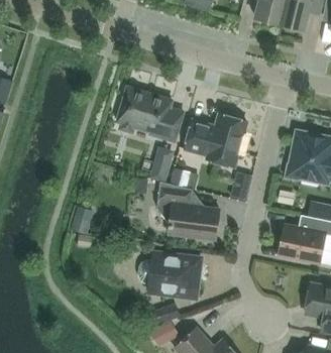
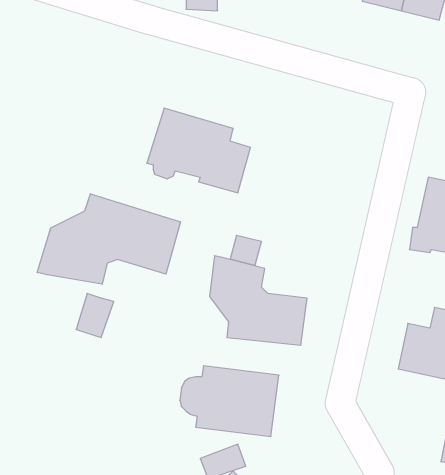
building: [185,113,246,166] -> none
building: none -> [37,194,181,284]
building: [148,147,174,183] -> none

